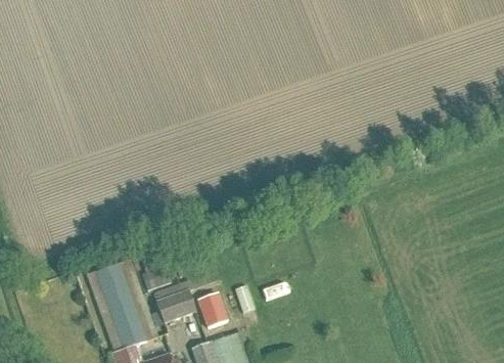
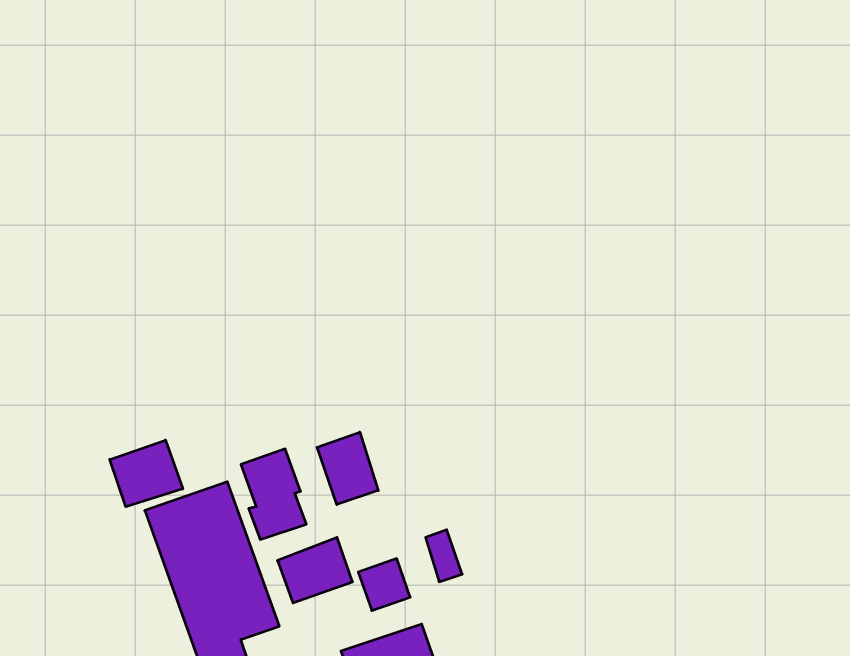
building: none -> [317,432,378,505]
building: none -> [110,440,183,507]

